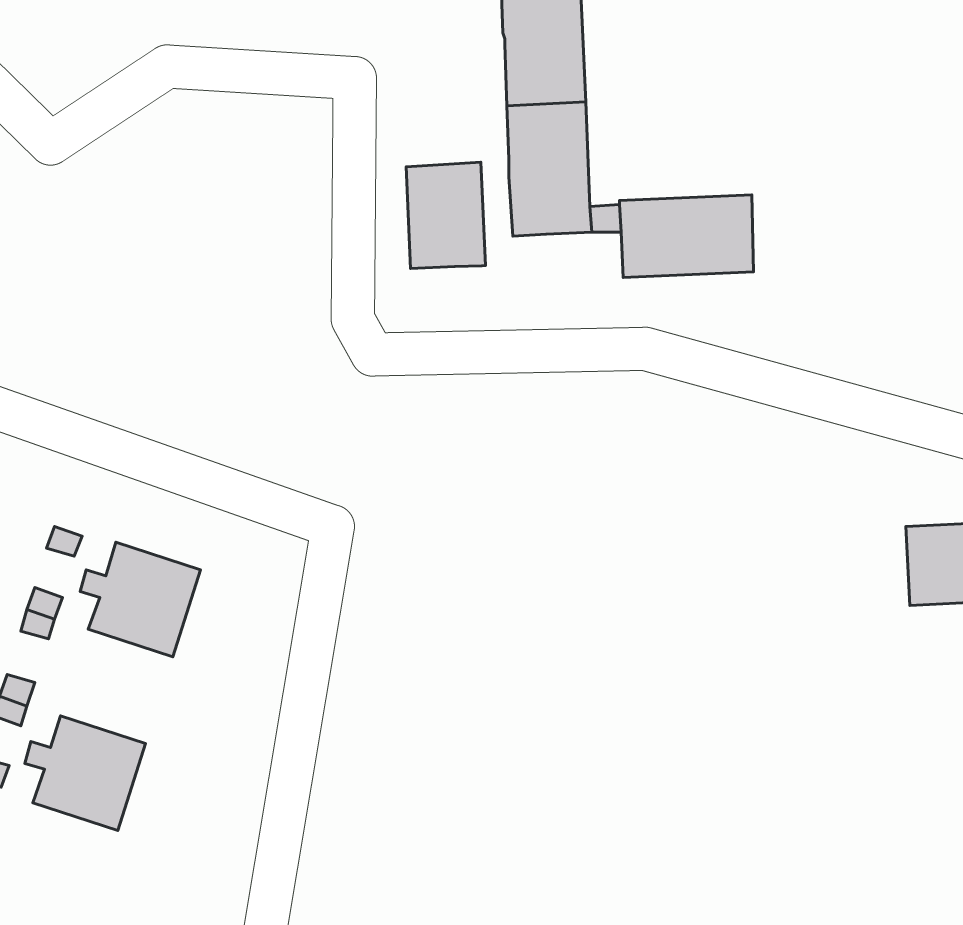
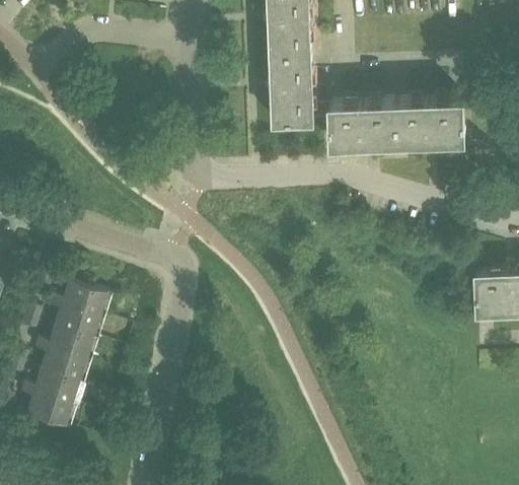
building: [406,162,486,269] -> none
building: none -> [394,105,463,146]
building: none -> [35,330,97,389]

